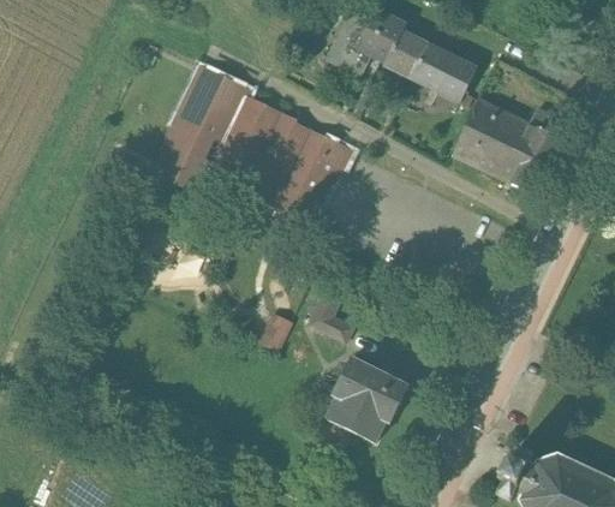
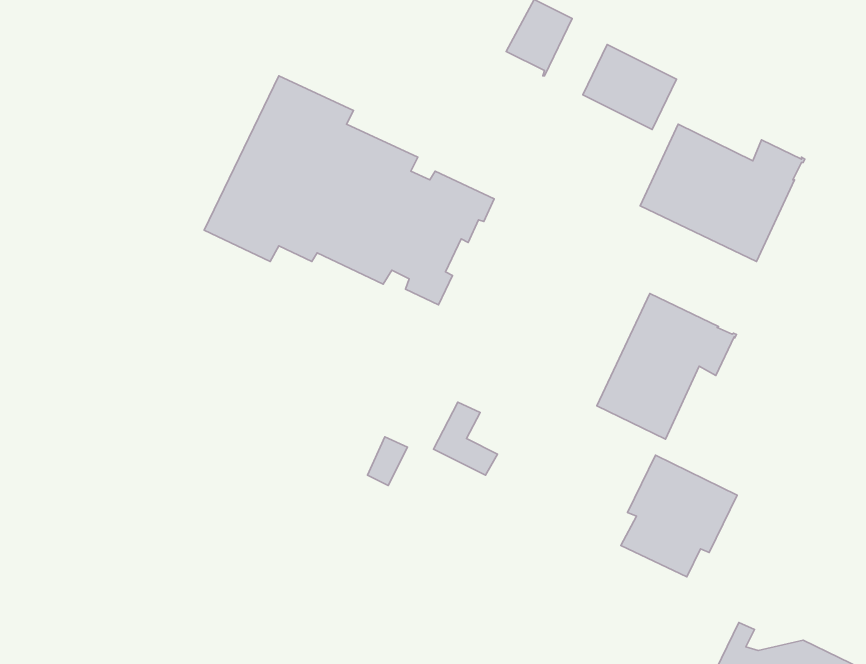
building: [384,24,428,77] -> none
building: none -> [597,293,737,439]
building: [328,354,408,439] -> [621,455,737,577]

